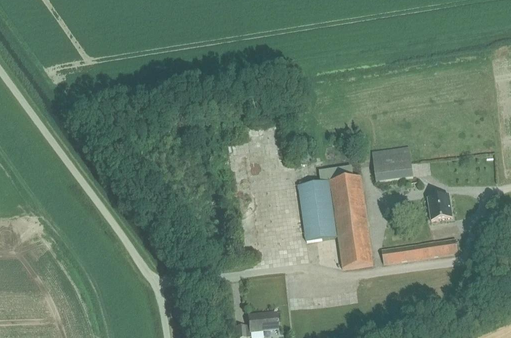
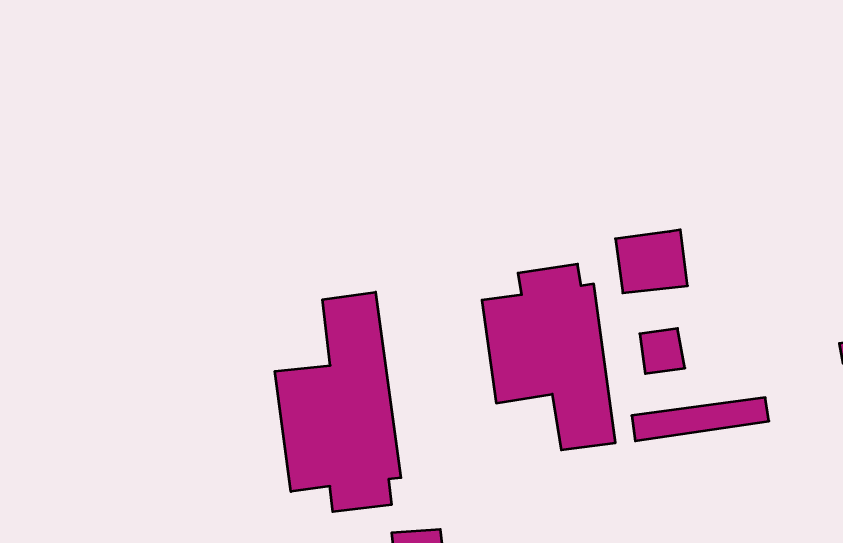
building: none -> [275,292,401,512]
building: [427,195,452,220] -> [640,328,685,374]

